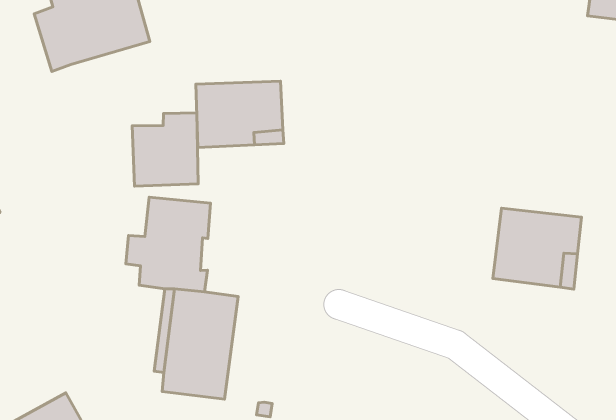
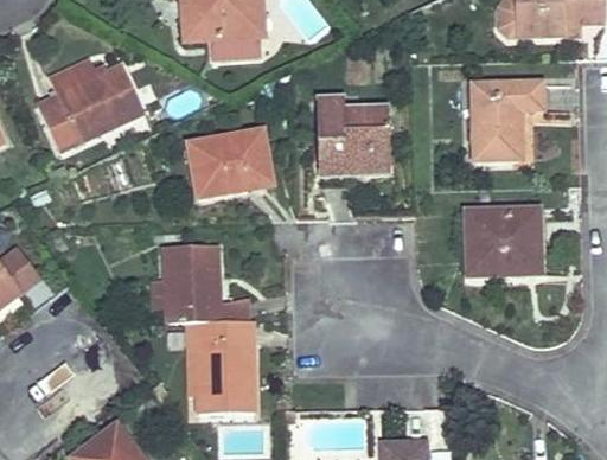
building: none -> [317,100,391,171]
building: none -> [472,83,543,160]
building: [132,113,198,186] -> none

